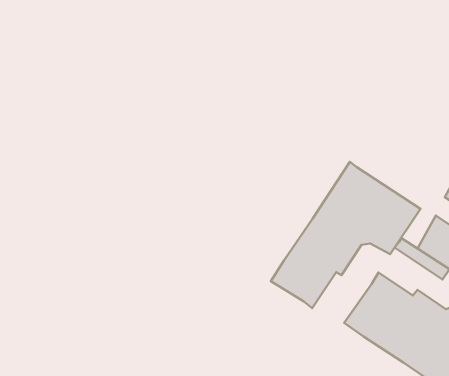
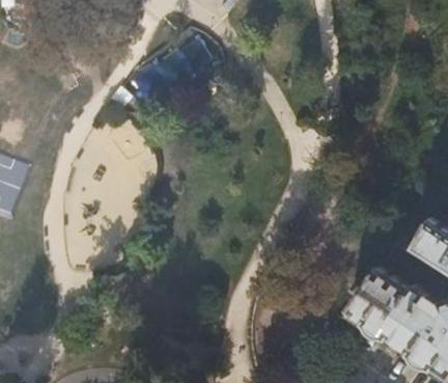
building: [271,162,421,308] -> none

